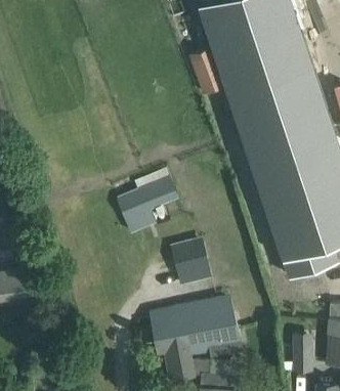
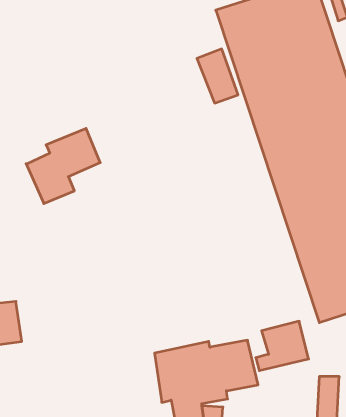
building: [113,168,177,233] -> [26,128,100,204]
building: [165,245,211,288] -> [256,321,309,371]

